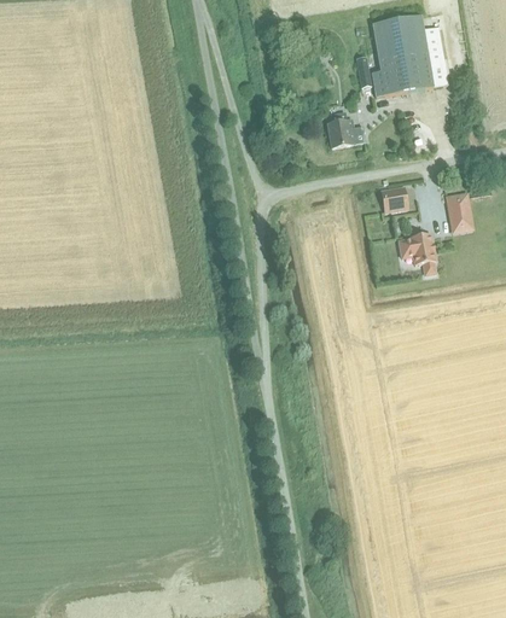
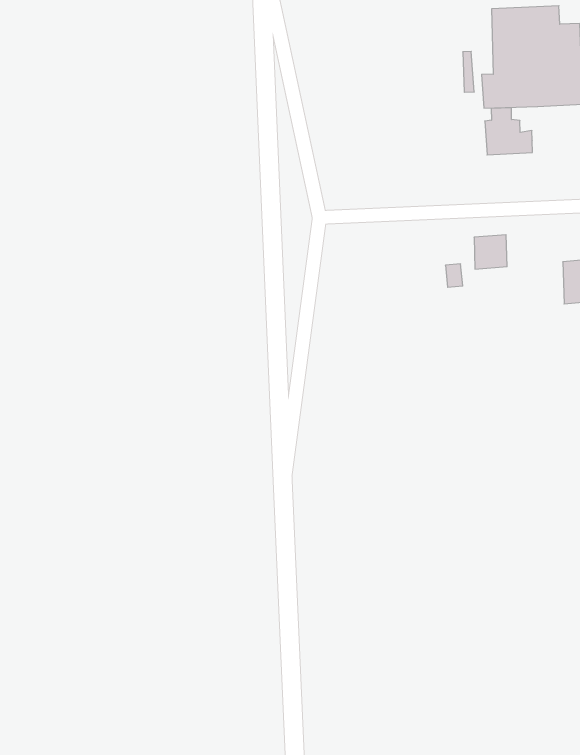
building: [326,111,363,147] -> [485,108,532,155]
building: [397,233,435,270] -> none

